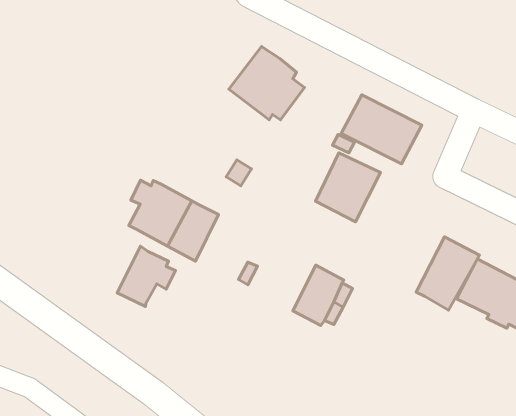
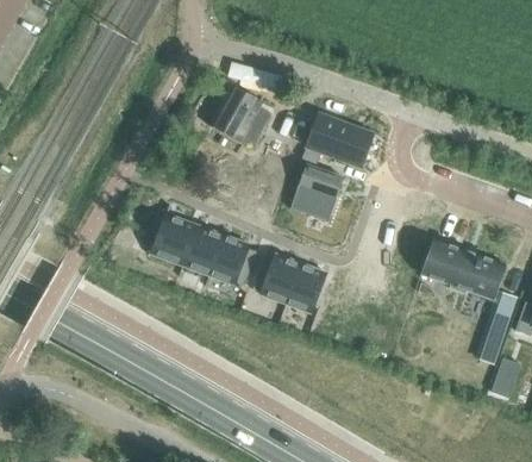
building: [416,237,480,310] -> none
building: [117,246,176,306] -> [198,230,244,280]
building: none -> [259,254,299,302]

